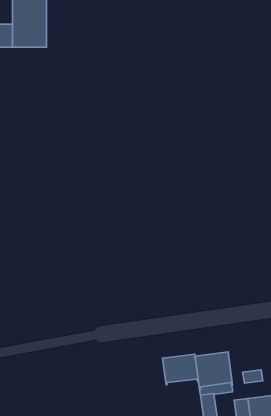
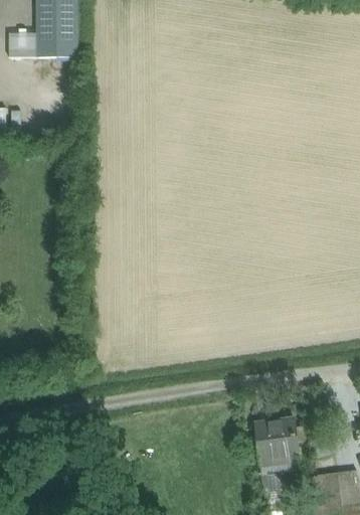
building: [163,354,198,385] -> none

